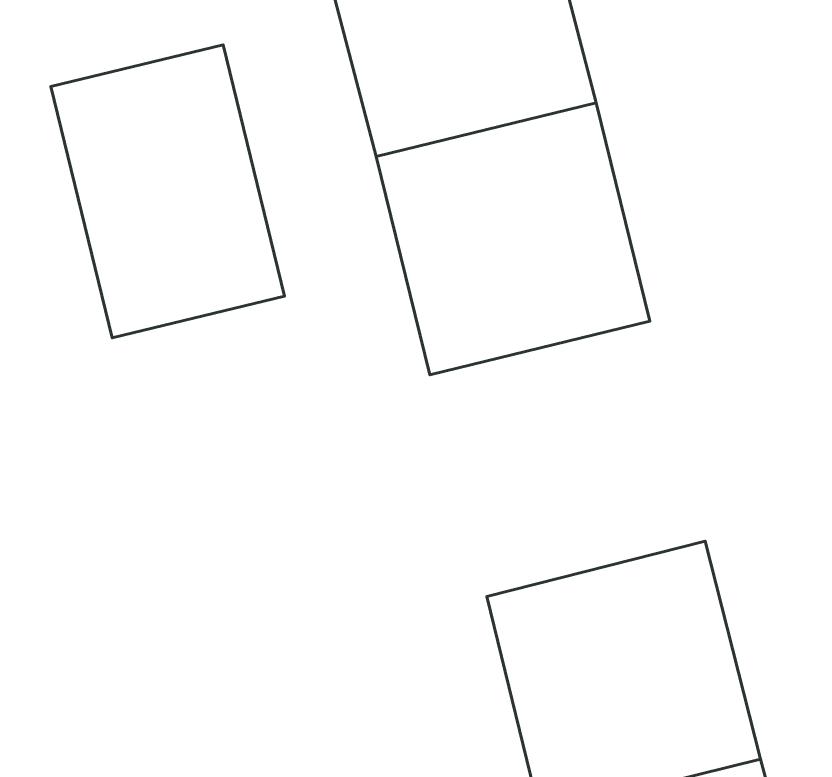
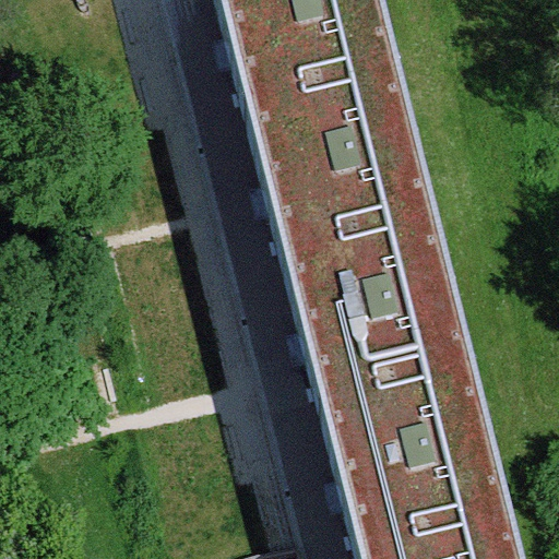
building: [51,45,284,338] -> none
building: none -> [288,243,473,428]

